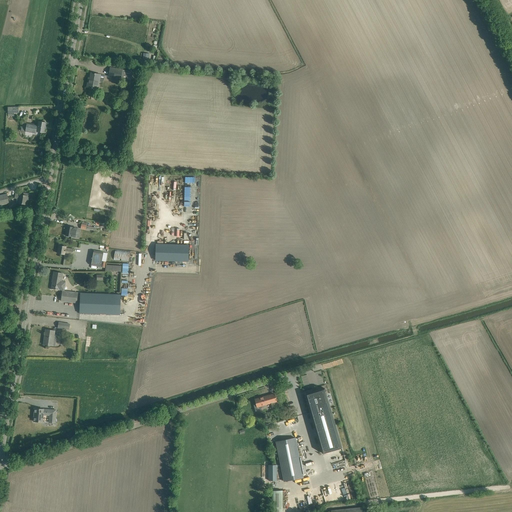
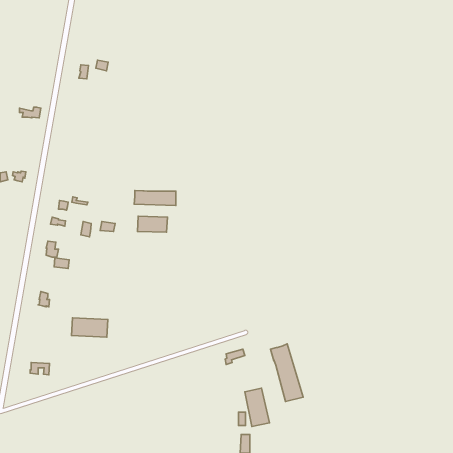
building: none -> [134,190,176,206]
building: [80,293,121,315] -> [71,318,108,337]

